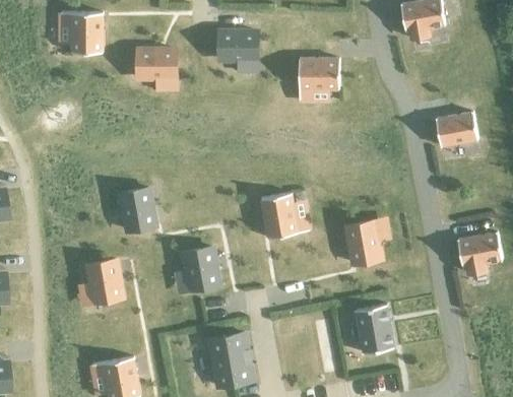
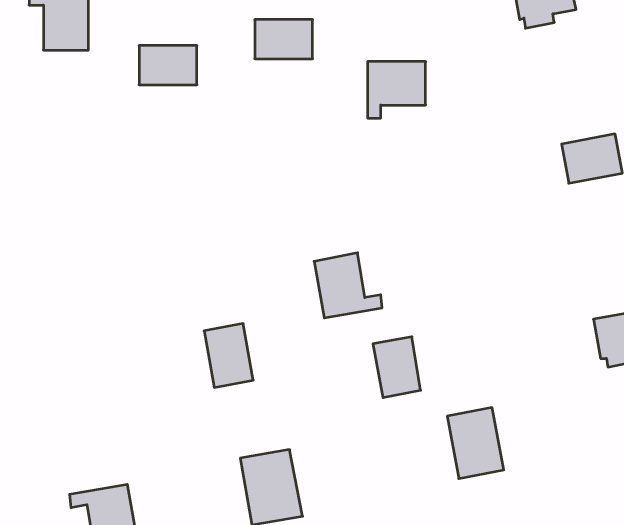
building: [121,188,154,229] -> none
building: [346,220,380,263] -> [373,337,421,398]
building: [87,260,122,302] -> none

